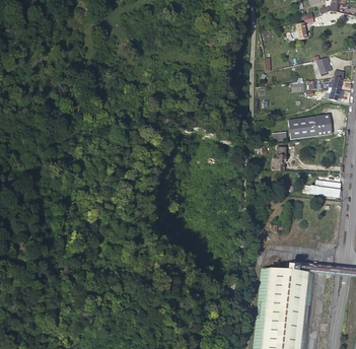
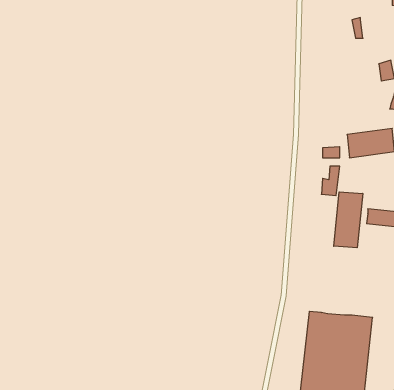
building: none -> [334,192,363,248]

